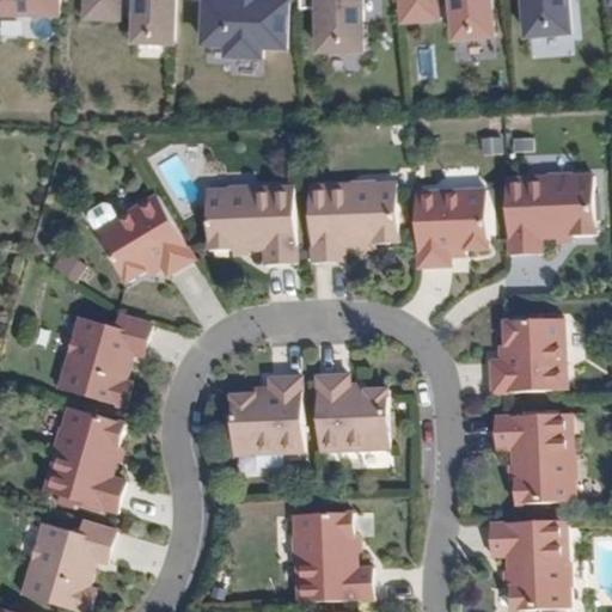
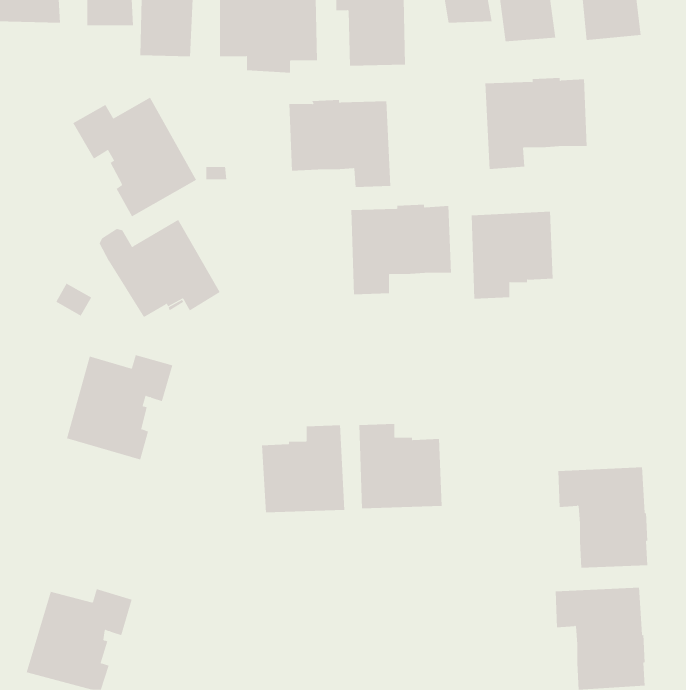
building: none -> [73,97,197,217]
building: [506,172,596,253] -> [485,78,587,170]
building: [207,185,298,263] -> [288,100,391,188]
building: [490,317,565,392] -> none
building: [43,405,126,510] -> none
building: [295,510,375,601] -> none

